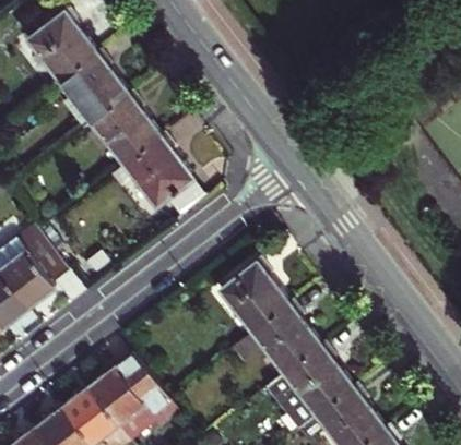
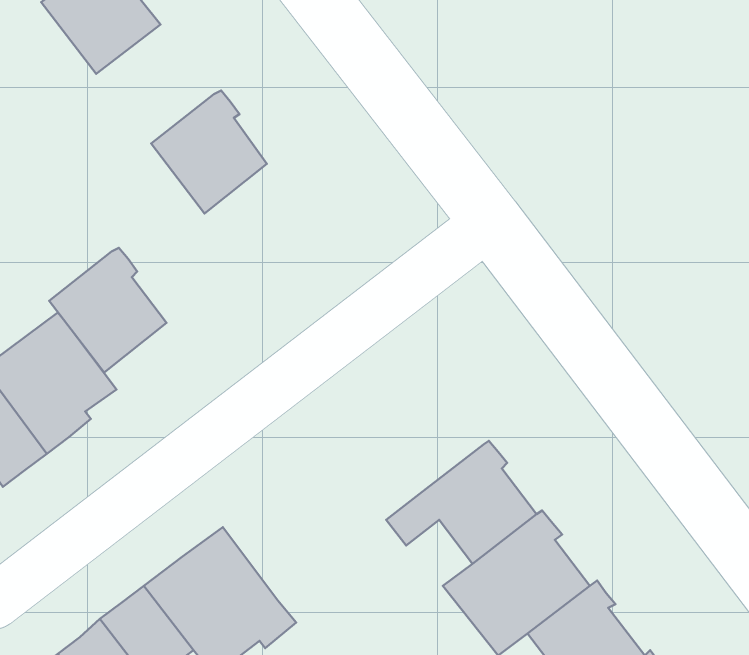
building: [58,50,128,124] -> none
building: [122,134,192,208] -> [49,248,167,373]
building: [217,258,288,333] -> none

